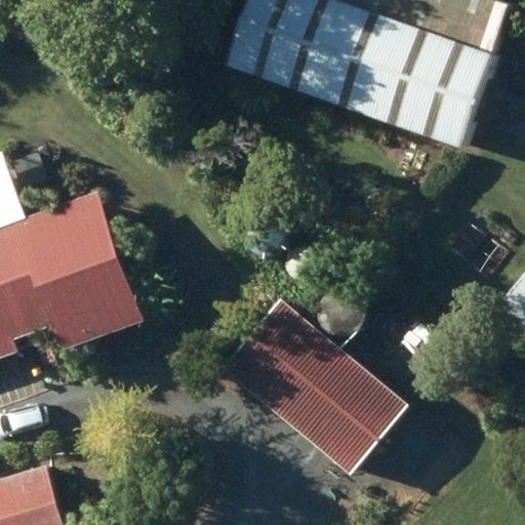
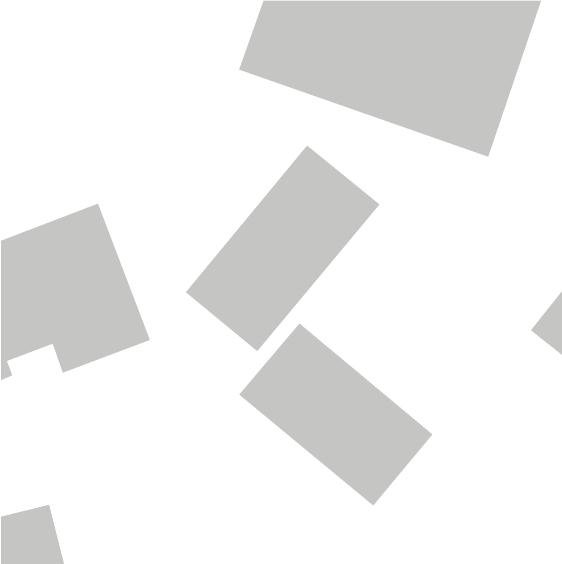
building: none -> [185,144,381,352]

